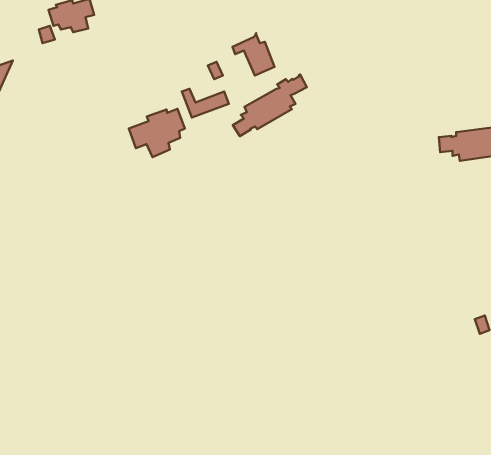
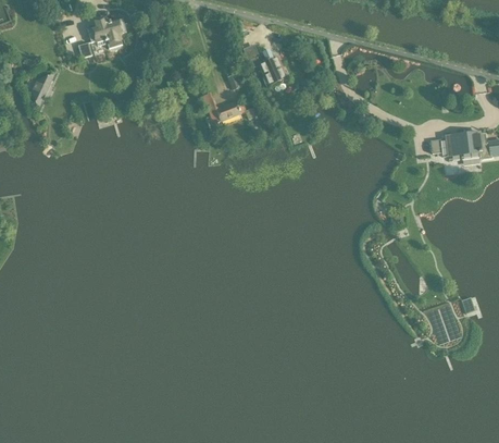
building: [233,74,307,136] -> none
building: [129,109,185,157] -> none

